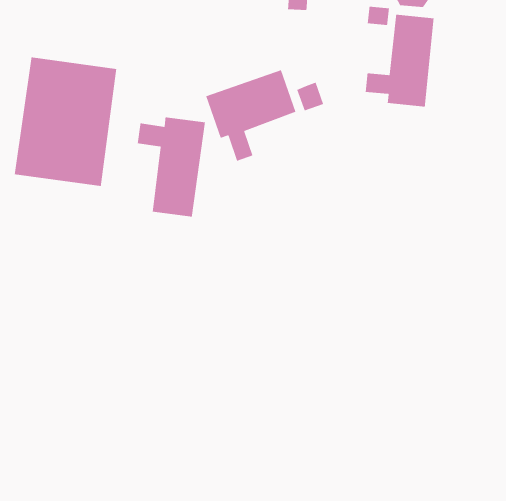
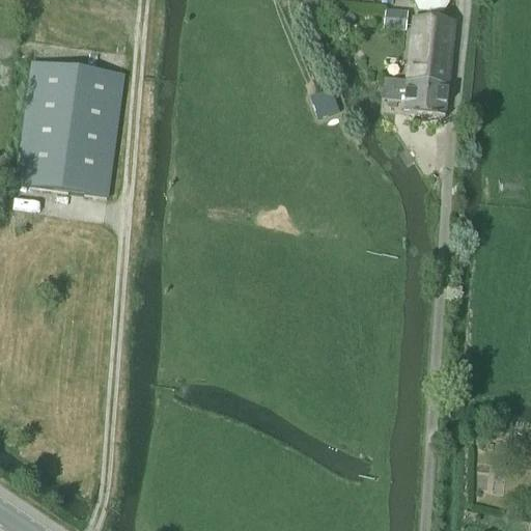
building: [205,69,297,162] -> none
building: [137,116,206,218] -> none

